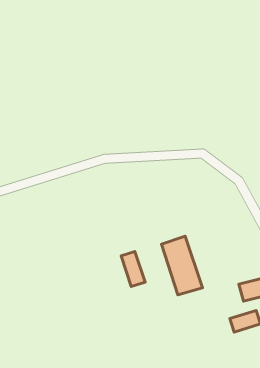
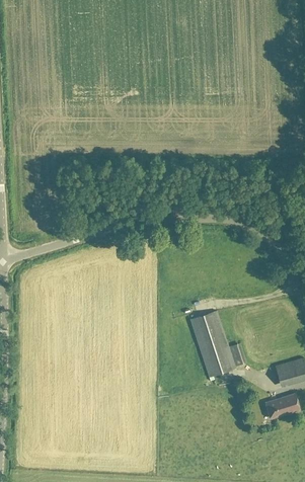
building: [121,252,145,286] -> none

